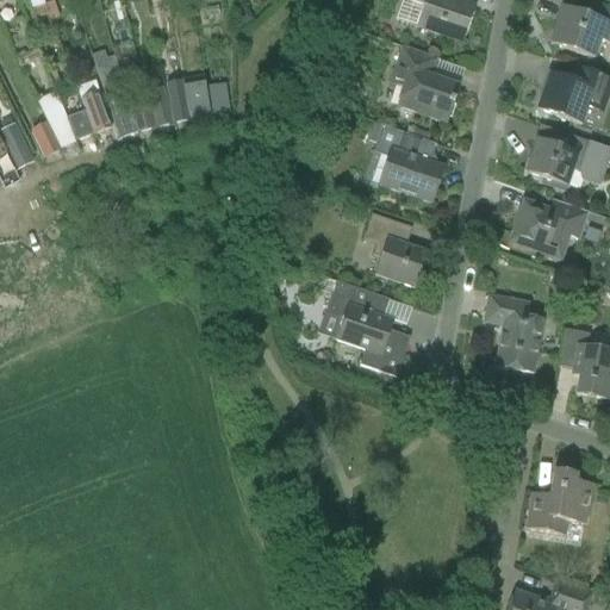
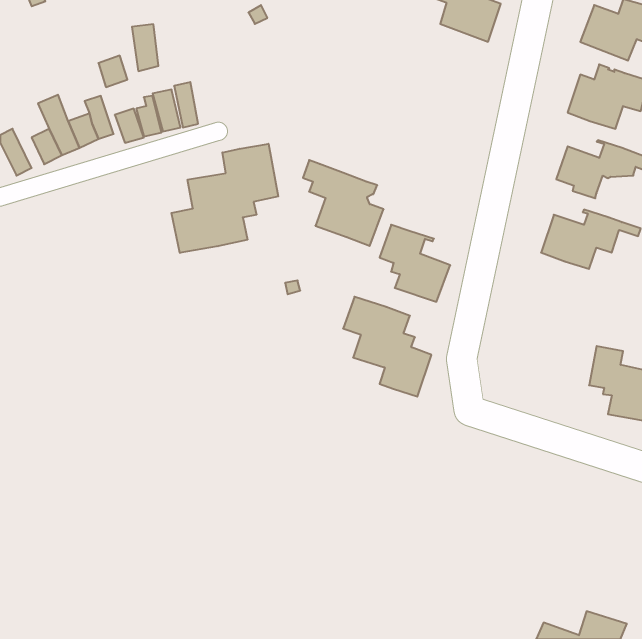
building: [390,45,460,120] -> none
building: [185,74,210,118] -> [132,24,158,71]
building: [368,119,444,200] -> [303,160,384,246]
building: none -> [171,144,278,253]
building: [485,293,542,372] -> none
building: [525,468,593,533] -> none

